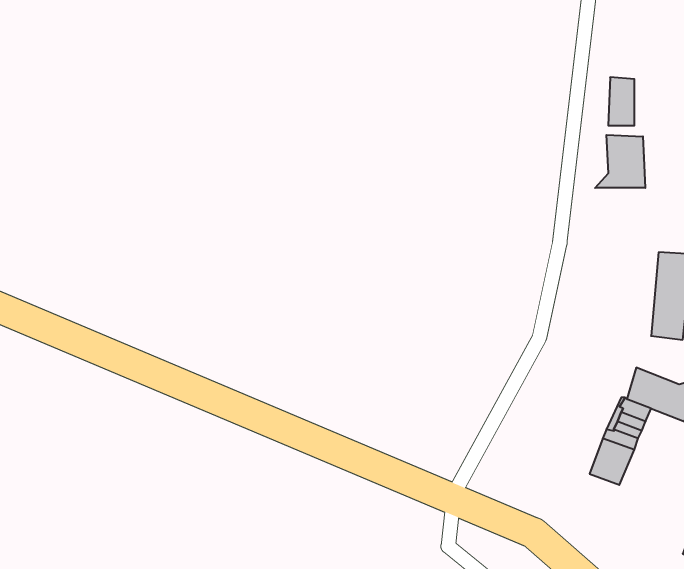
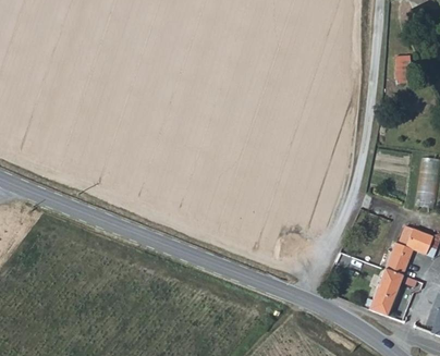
building: [595,135,645,188] -> none
building: none -> [368,285,395,315]

